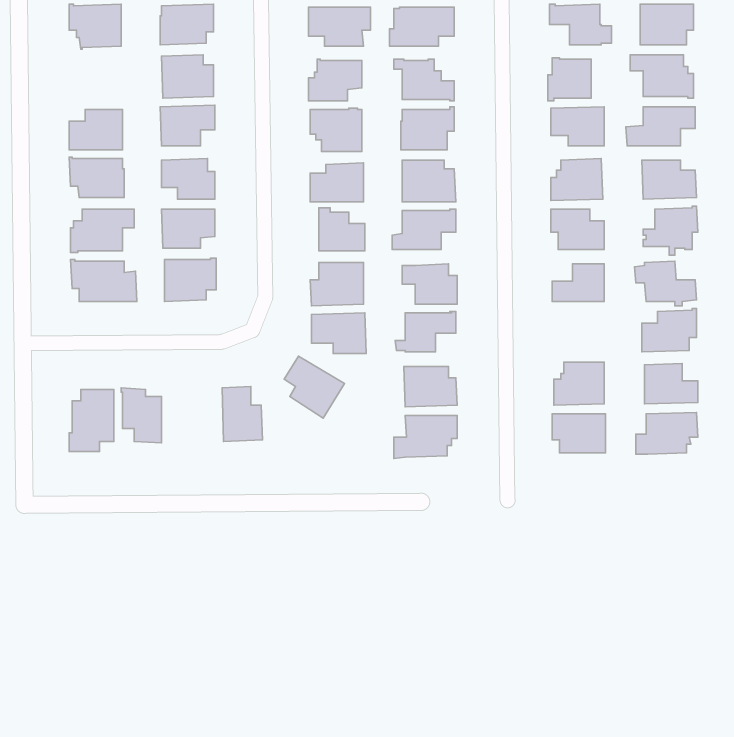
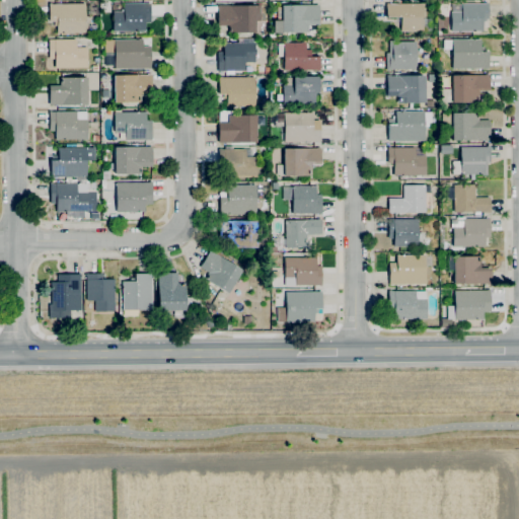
building: none -> [51,39,88,68]
building: none -> [389,219,425,246]
building: none -> [124,274,154,309]

